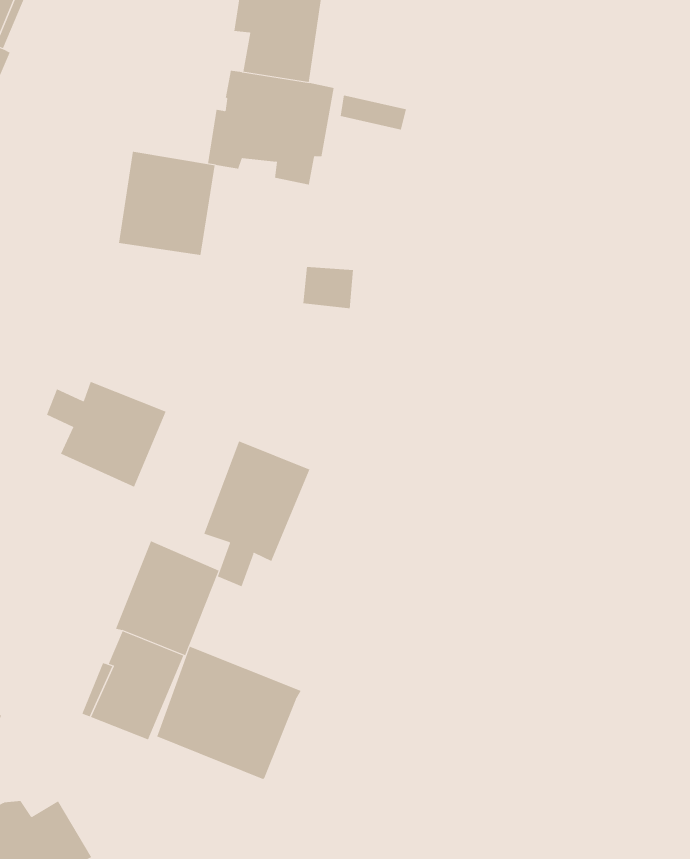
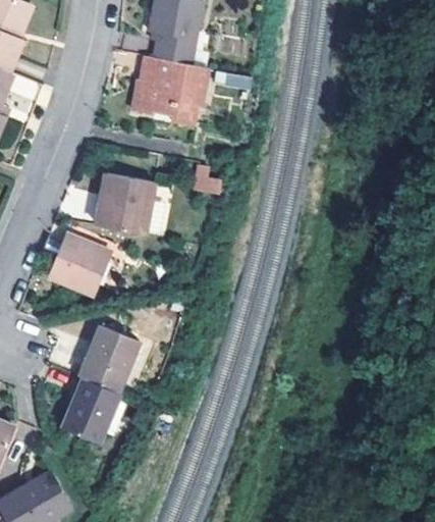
building: [118,151,215,255] -> [96,172,152,232]
building: [204,441,310,587] -> none
building: [156,646,301,780] -> none

